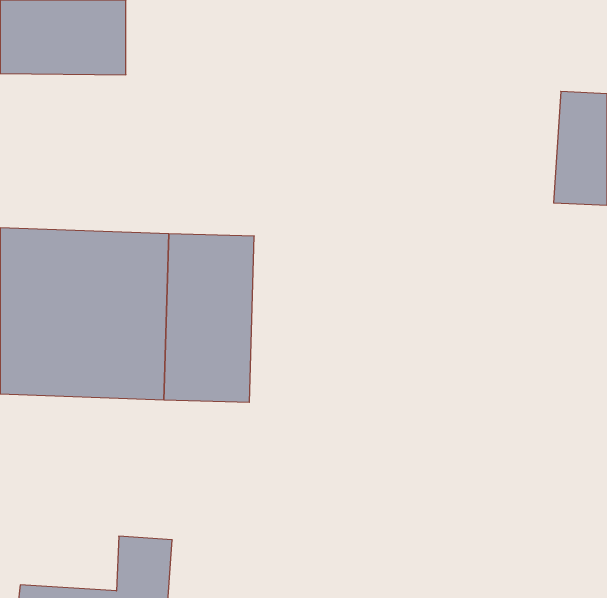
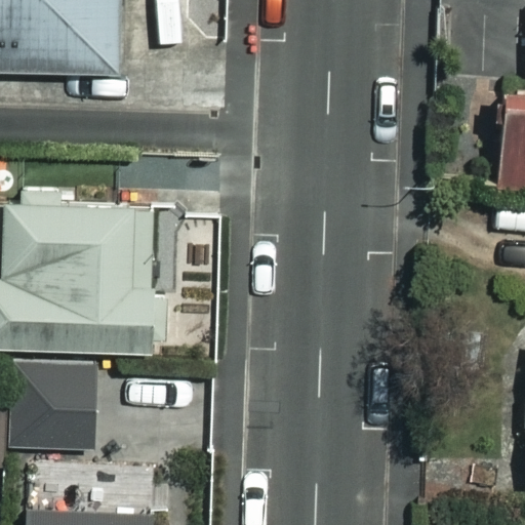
building: none -> [10,366,84,450]

